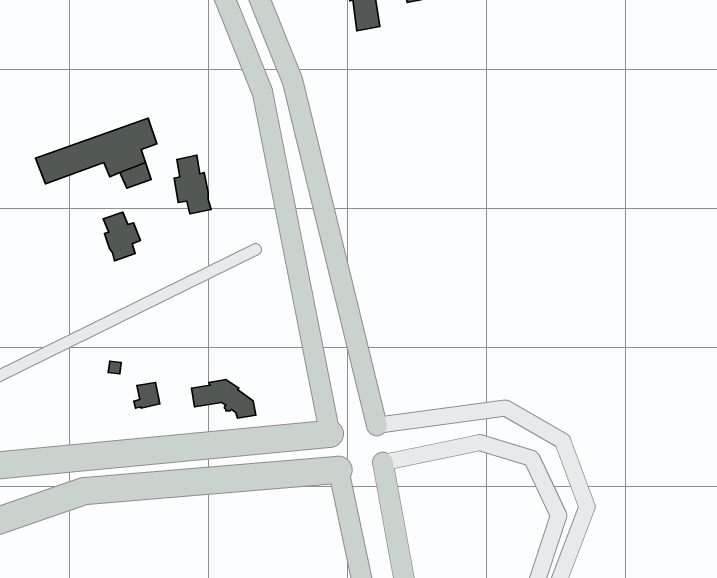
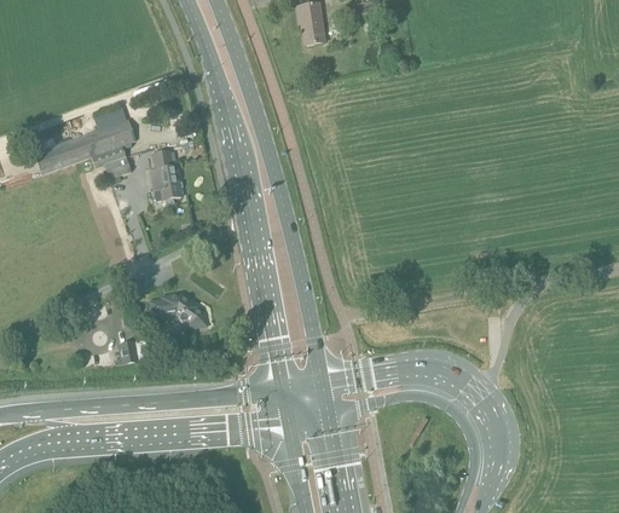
building: [103,212,140,261] -> none
building: [192,380,256,418] -> [151,293,206,325]

